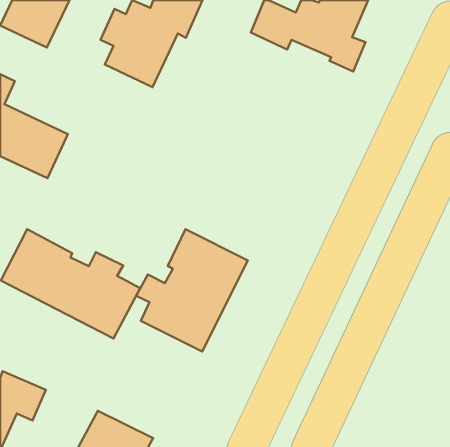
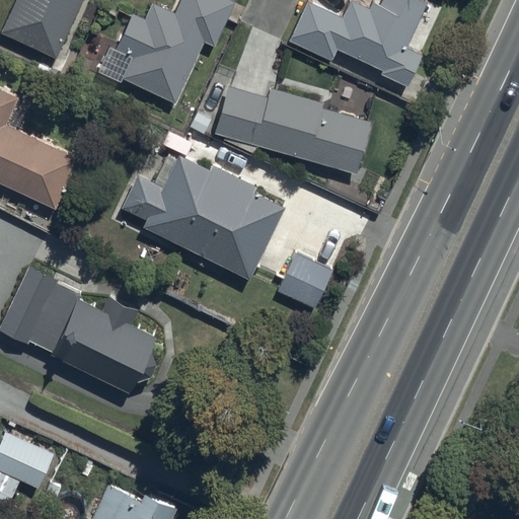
building: none -> [215,85,370,172]
building: none -> [119,155,285,280]
building: none -> [277,251,332,308]
building: [136,229,248,351] -> none

